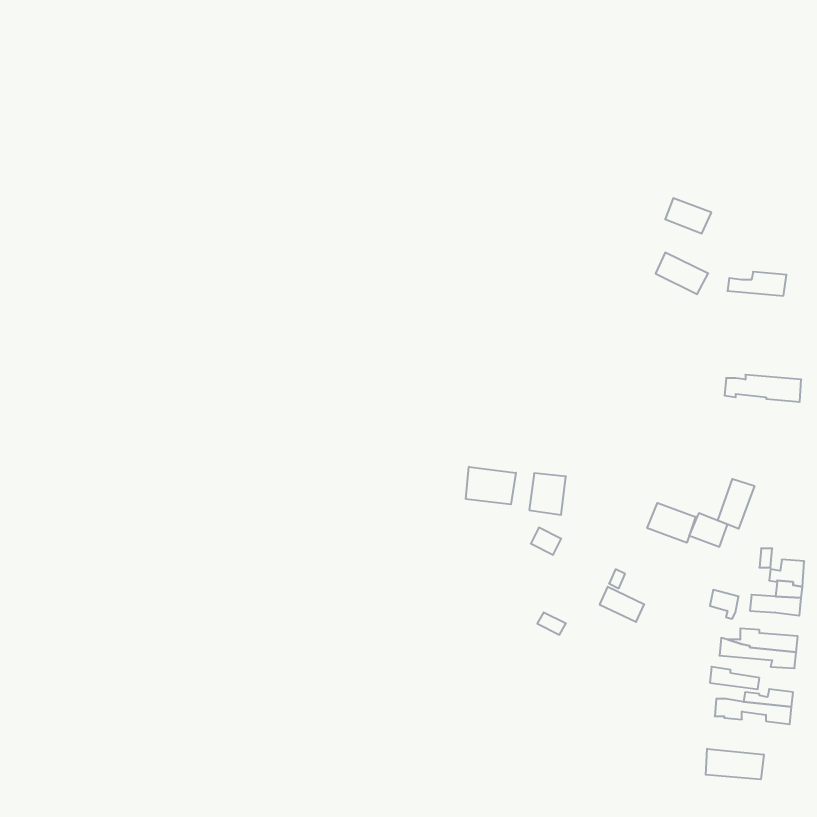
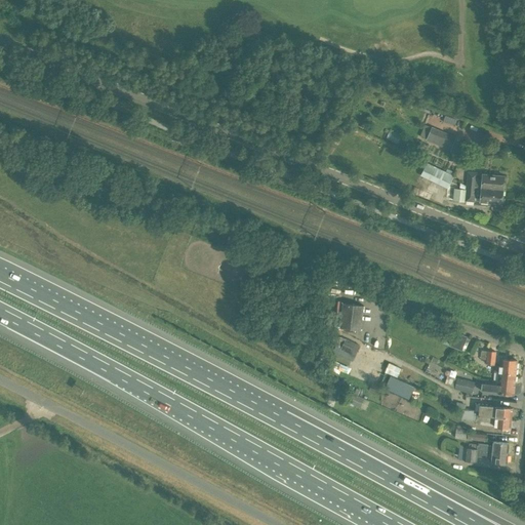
building: [725,375,801,402] -> [453,187,502,204]
building: [466,467,516,504] -> none
building: [718,479,754,529] -> none
building: [647,503,695,543] -> none
building: [706,749,764,779] -> none

